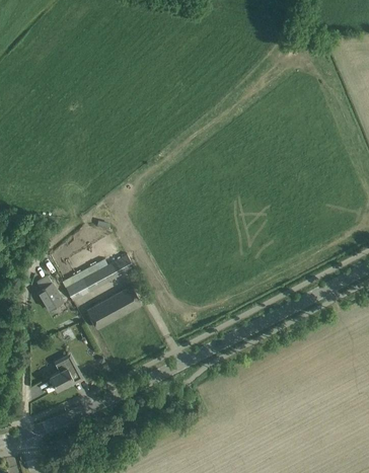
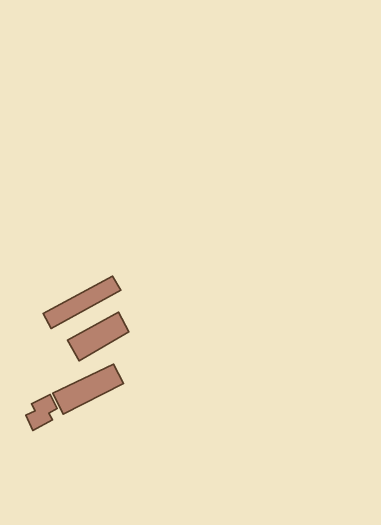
building: [34,275,64,311] -> none
building: none -> [53,364,124,414]

